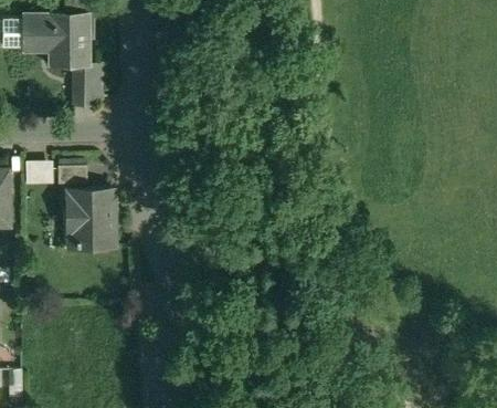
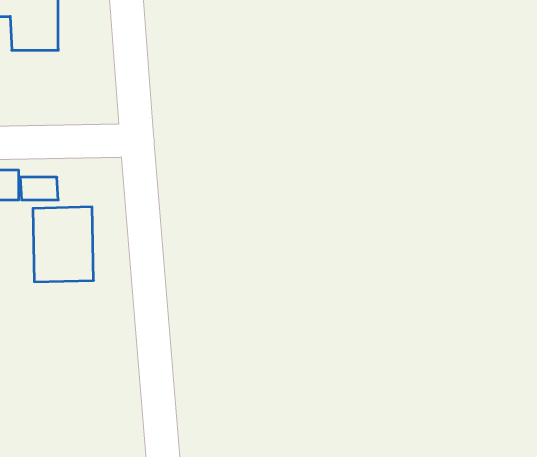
building: [74,65,101,103] -> none

